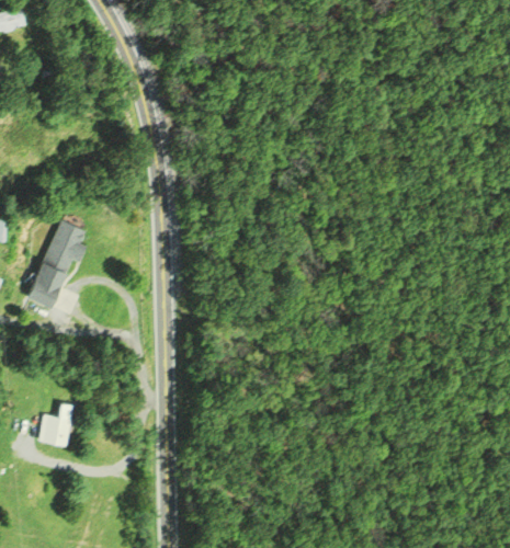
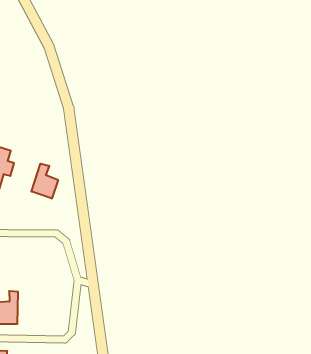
building: none -> [31,164,58,199]

